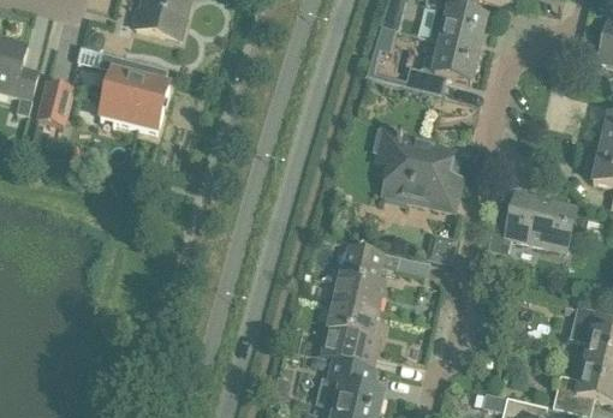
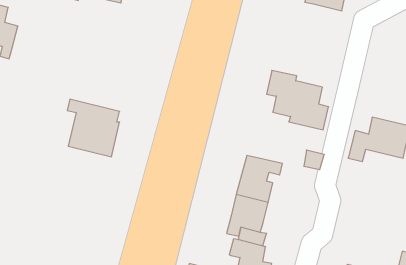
building: [405,40,478,94] -> none
building: [96,52,167,130] -> [67,99,120,157]
building: [37,82,73,125] -> none

